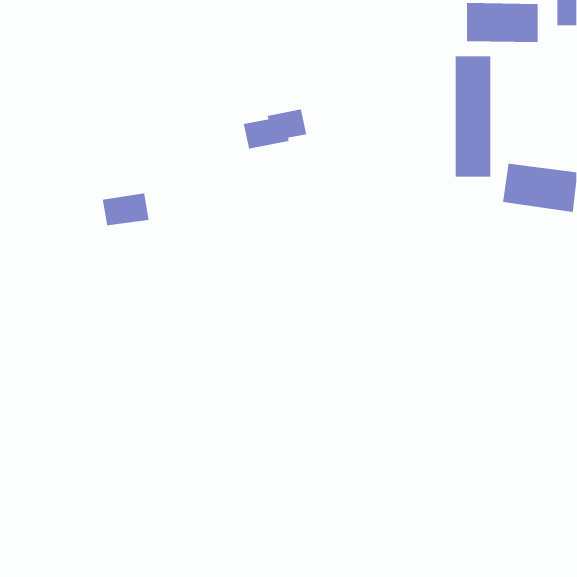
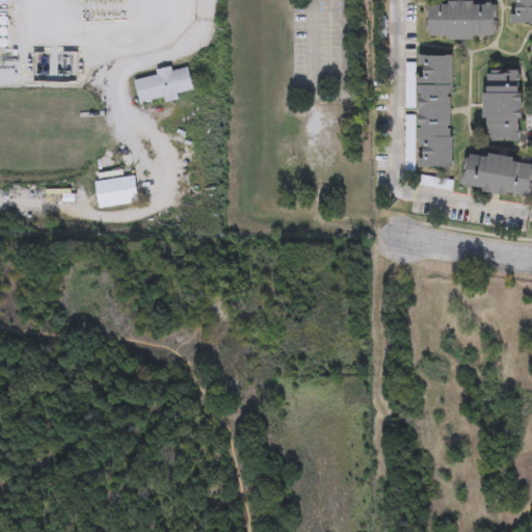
building: none -> [484,68,523,138]
building: [243,109,307,149] -> [133,66,192,104]

